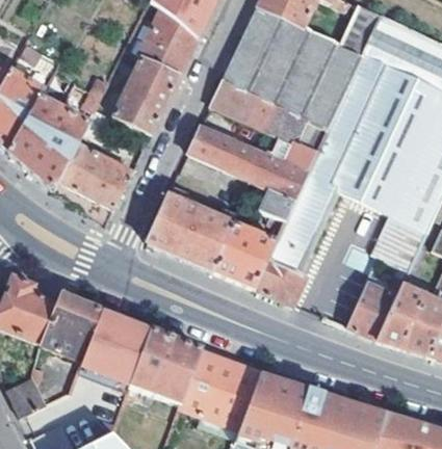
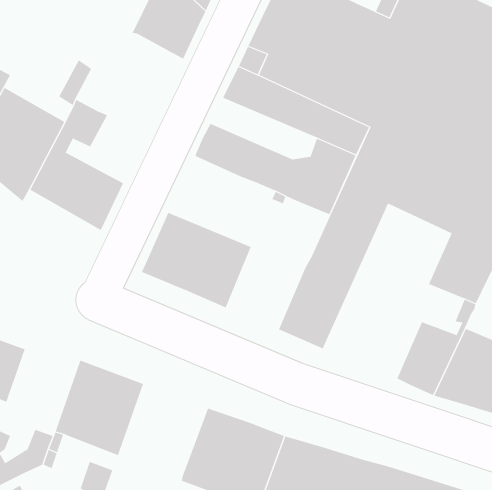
building: [112,55,179,133] -> none
building: [258,186,293,229] -> none
building: [212,221,274,286] -> none
building: [41,293,98,360] -> none
building: [127,328,198,400] -> none

